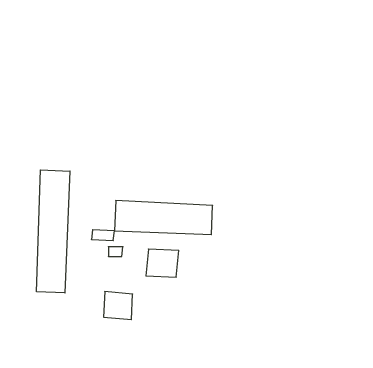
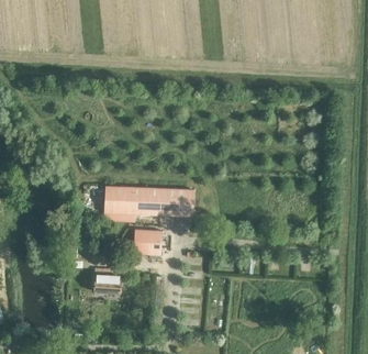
building: [37,170,70,293] -> none

